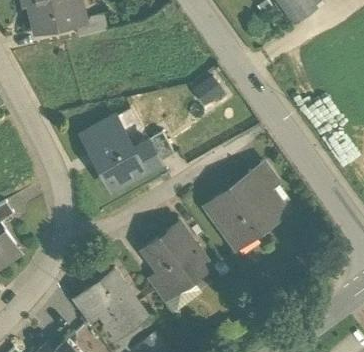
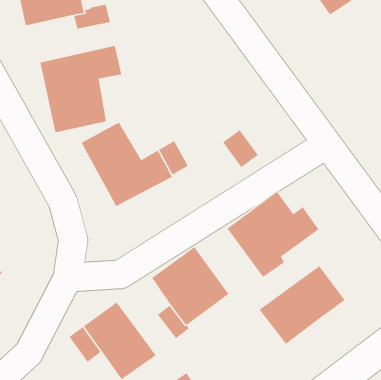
building: none -> [39,45,122,133]
building: [247,161,278,194] -> [222,129,259,168]
building: none -> [258,265,346,345]

